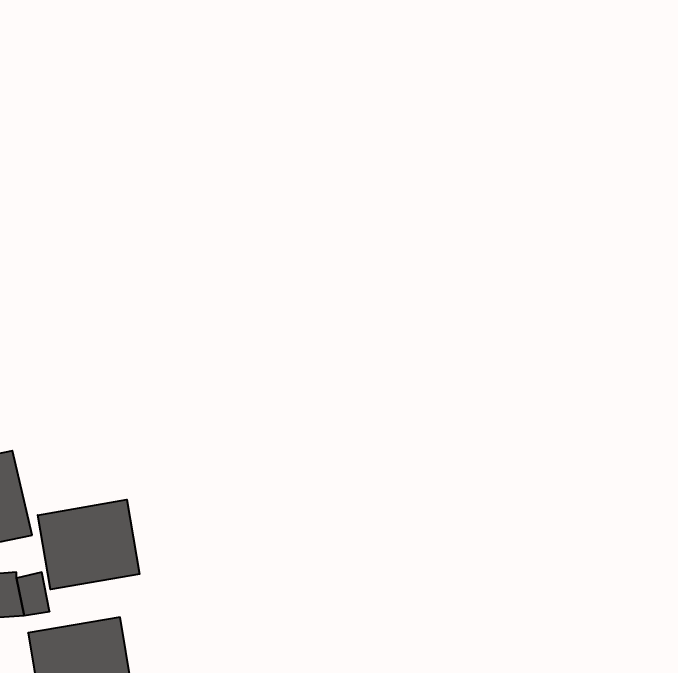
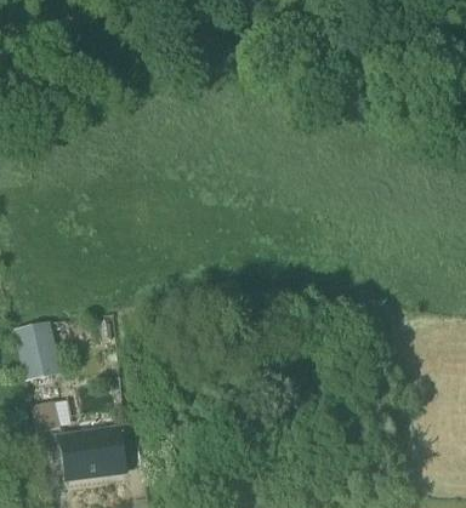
building: [38,500,140,589] -> none

